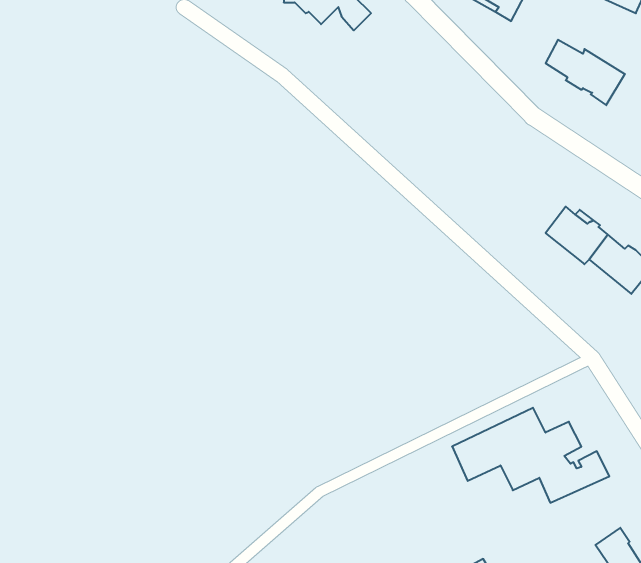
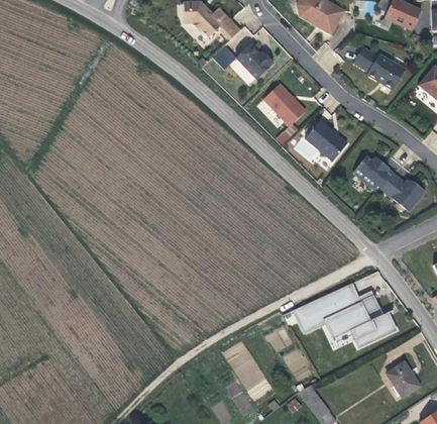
building: none -> [213,43,274,85]
building: none -> [264,83,307,125]
building: none -> [306,120,348,161]

